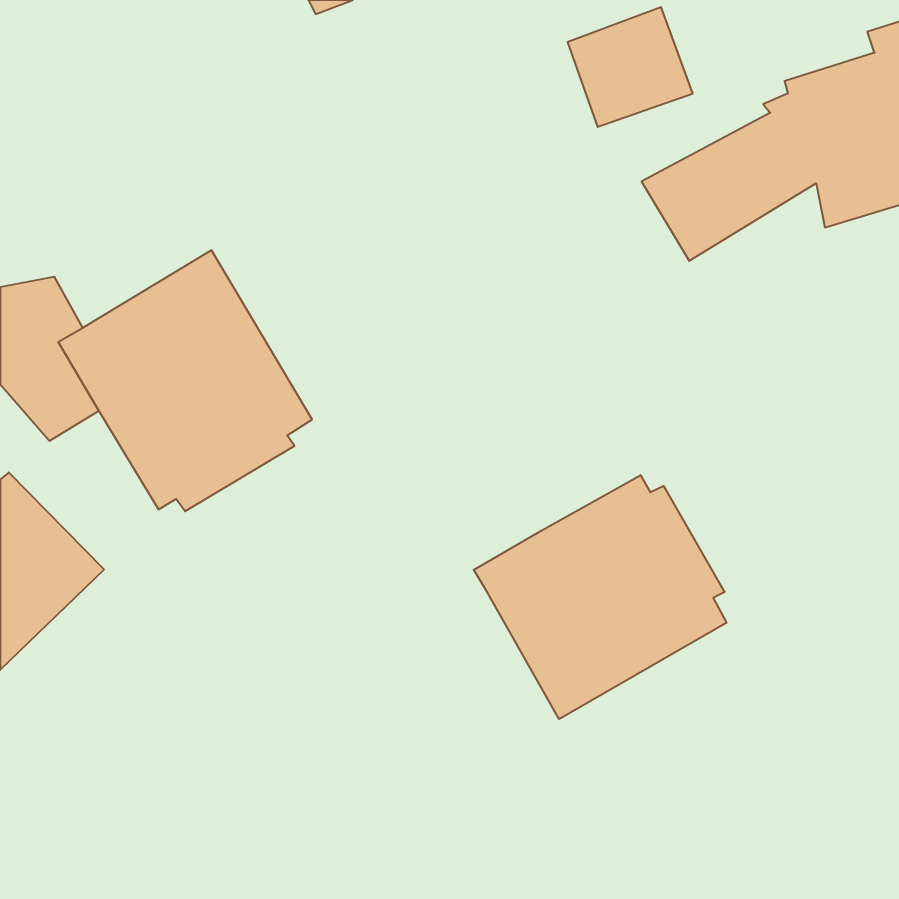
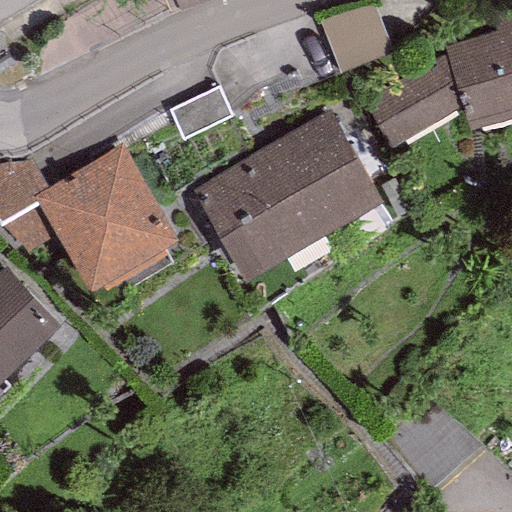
building: none -> [193,112,382,281]
building: [474,475,726,719] -> none

